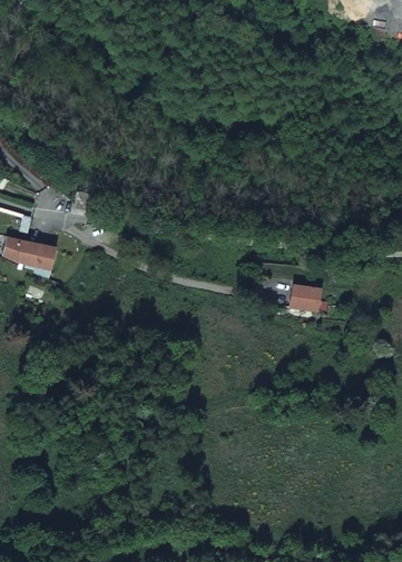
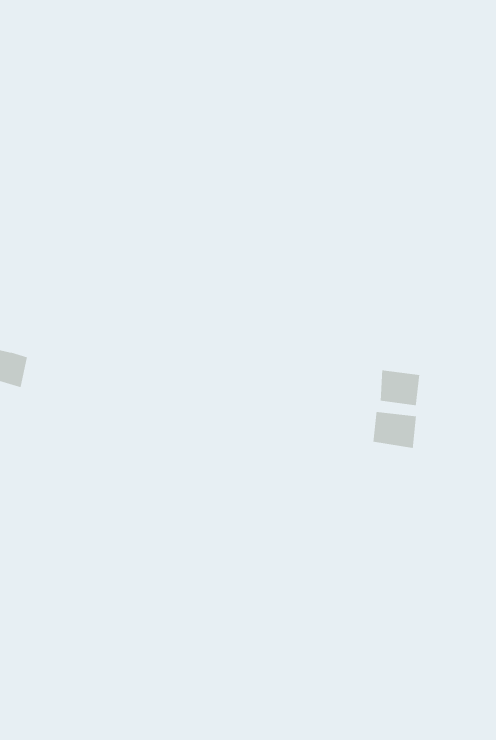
building: none -> [380,369,420,406]

